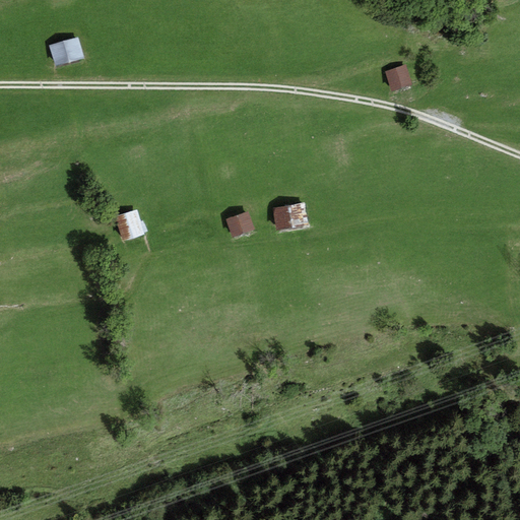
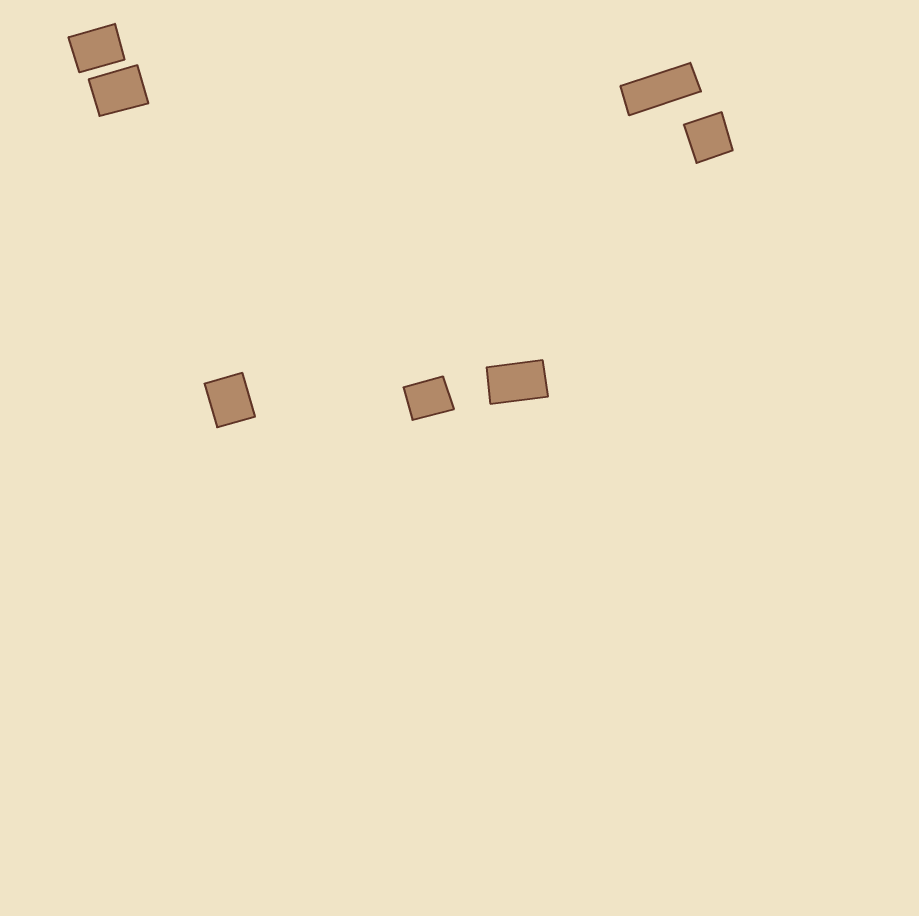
building: none -> [69,24,124,72]
building: none -> [621,63,701,115]

